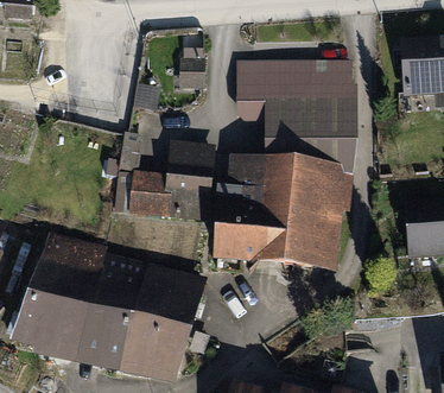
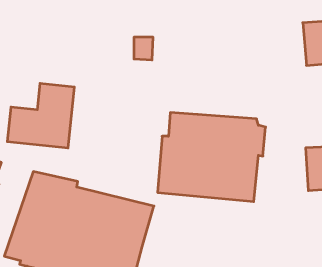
building: [235,59,356,176] -> none
building: [127,139,215,223] -> [7,83,74,148]

